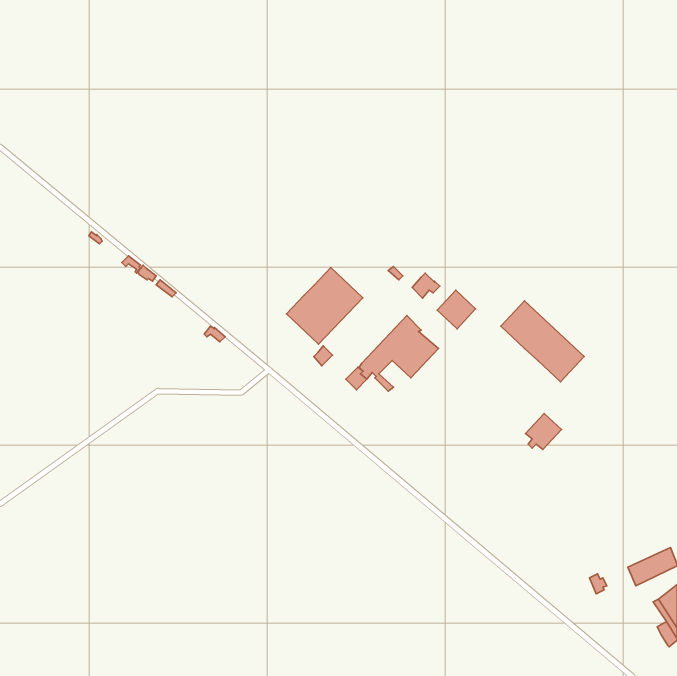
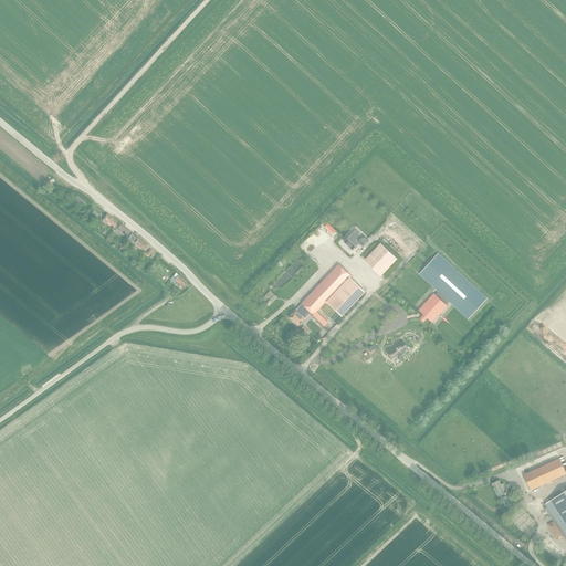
building: [286,268,363,344] -> none
building: [526,414,561,449] -> [418,292,448,322]

